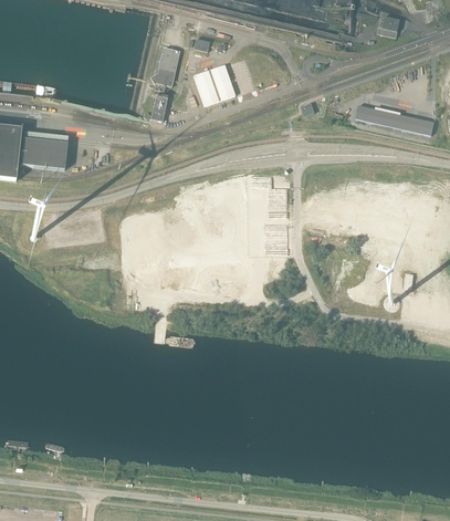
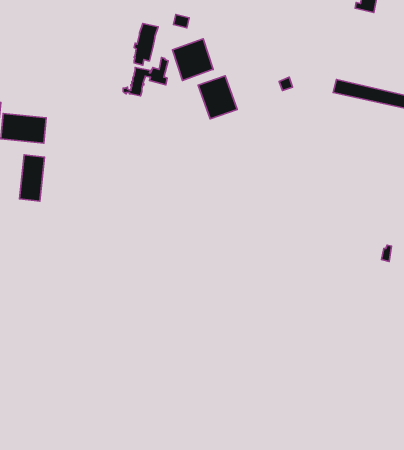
building: none -> [198,76,237,119]
building: none -> [20,155,44,201]

